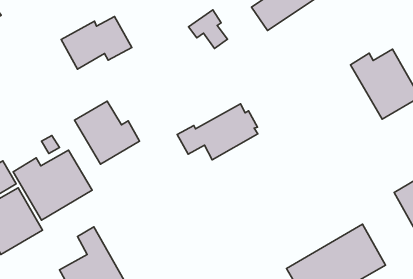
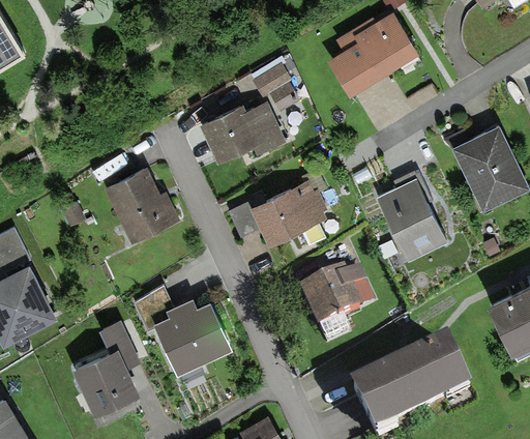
building: [61,16,132,69] -> [200,101,286,163]
building: none -> [377,180,447,263]
building: [13,150,92,220] -> none
building: none -> [299,270,375,329]
building: none -> [136,286,234,376]

